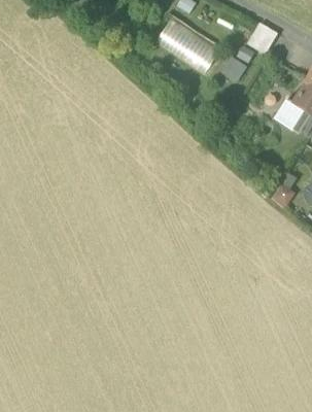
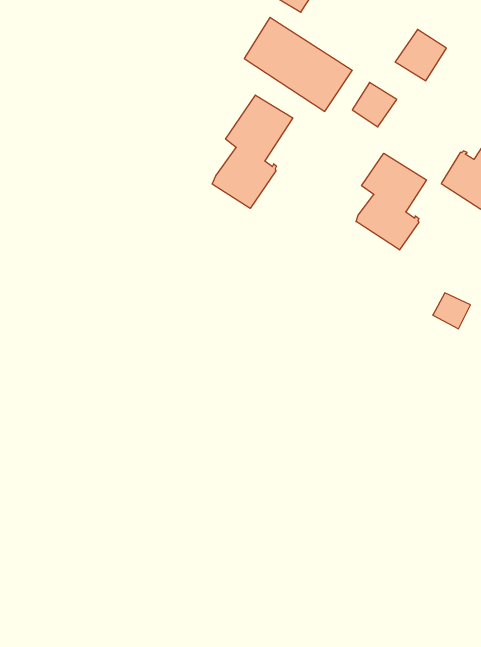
building: none -> [212,95,293,208]
building: none -> [356,153,427,250]

